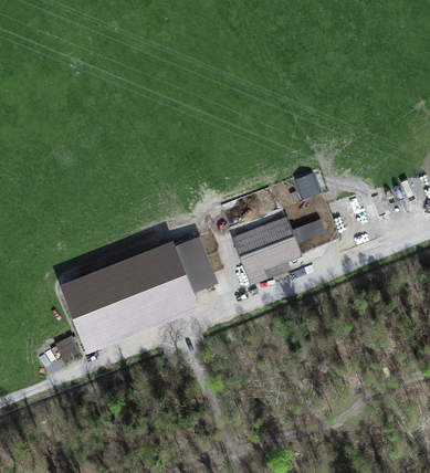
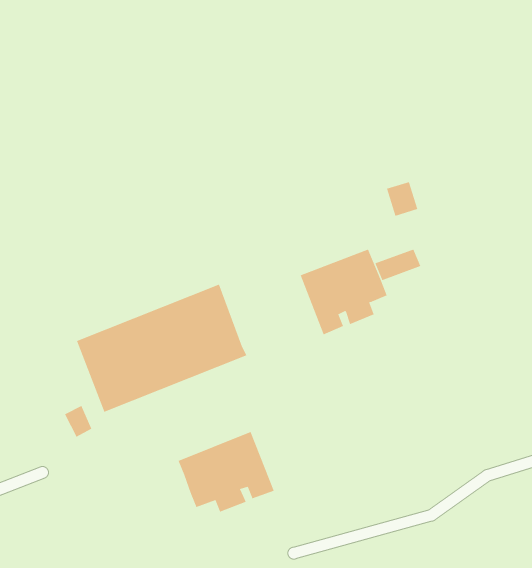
building: [172,239,211,294] -> none
building: none -> [178,431,275,512]

